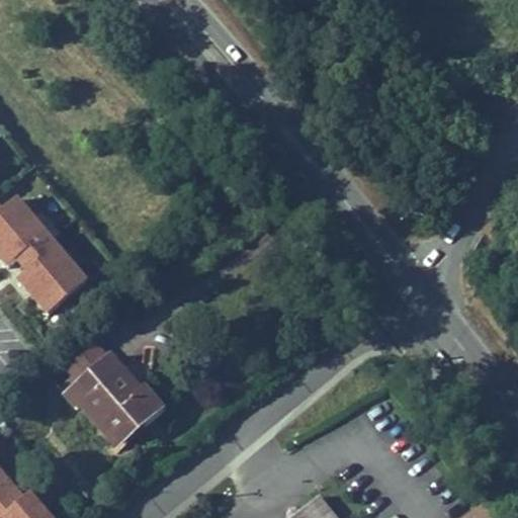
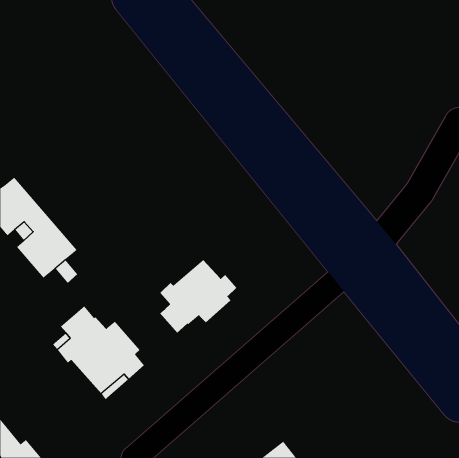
building: none -> [159,259,237,333]

